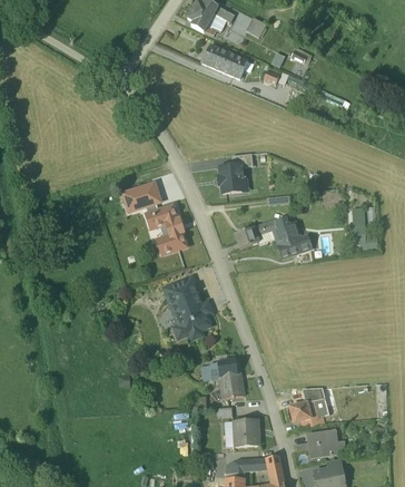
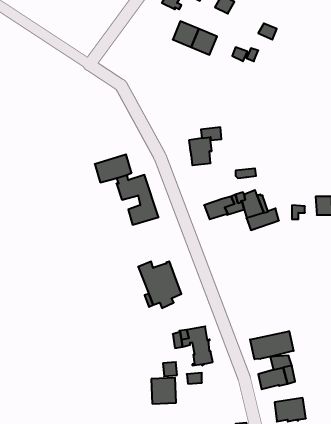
building: [164,274,199,298] -> none
building: none -> [250,331,294,359]
building: [234,419,259,446] -> [151,378,176,404]

